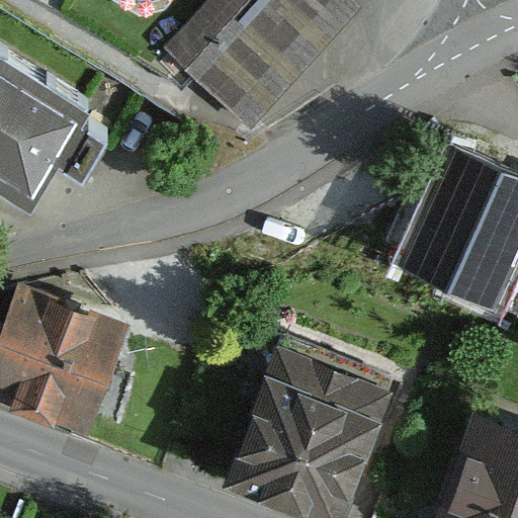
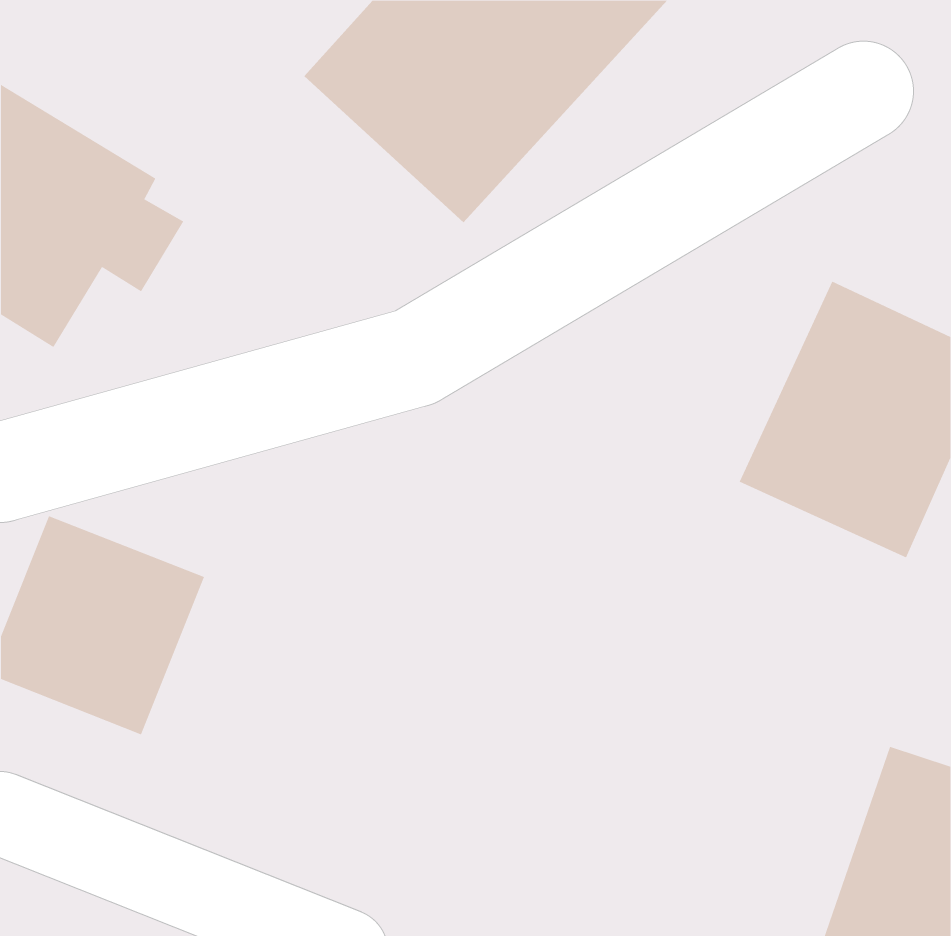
building: [236,346,384,504] -> none

